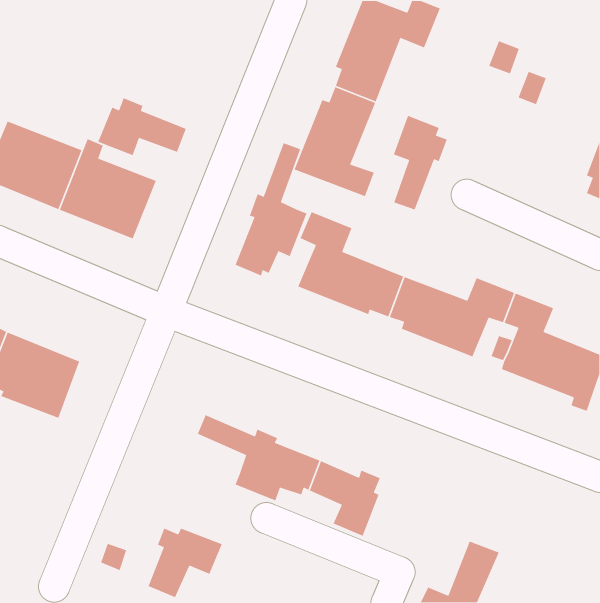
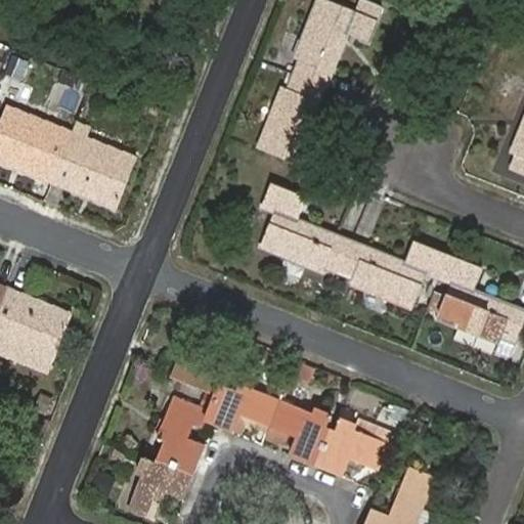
building: [97,97,187,156] -> none
building: [393,115,448,211] -> none
building: [234,142,308,276] -> none
building: none -> [157,397,208,472]
building: none -> [315,419,387,476]

